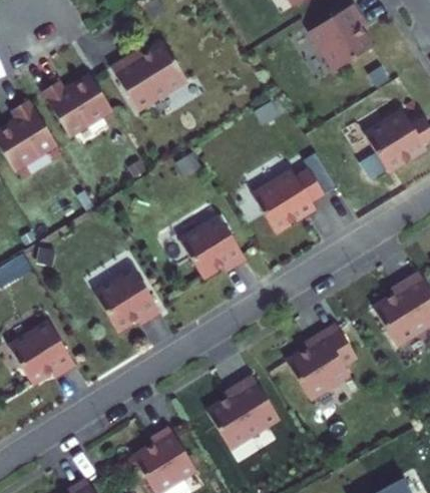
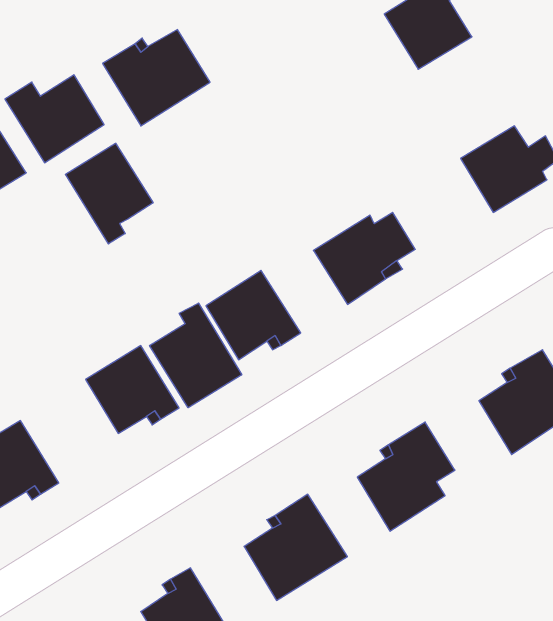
building: none -> [65,143,153,244]
building: none -> [150,303,242,408]

